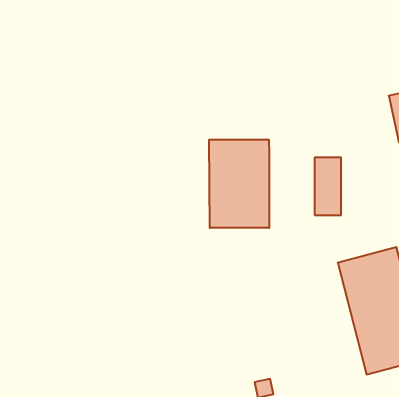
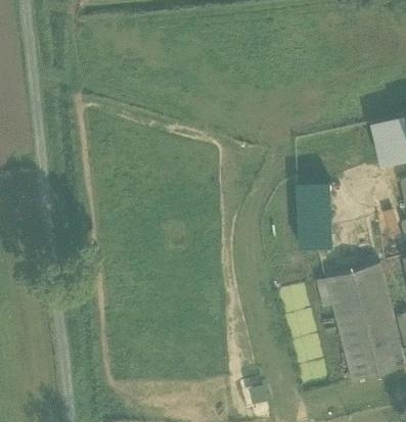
building: [209,140,269,228] -> none

